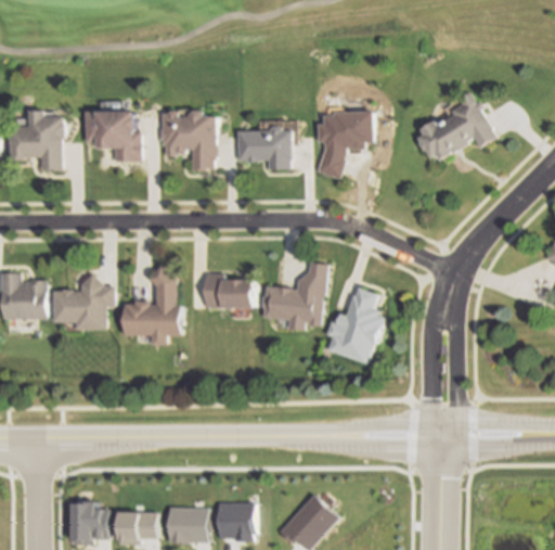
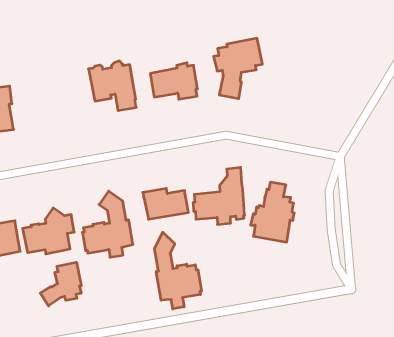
building: [416,93,495,159] -> none
building: [86,112,139,162] -> none
building: none -> [155,232,201,309]
building: none -> [40,262,81,306]

